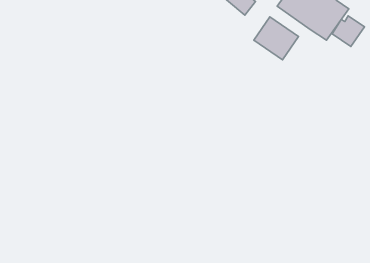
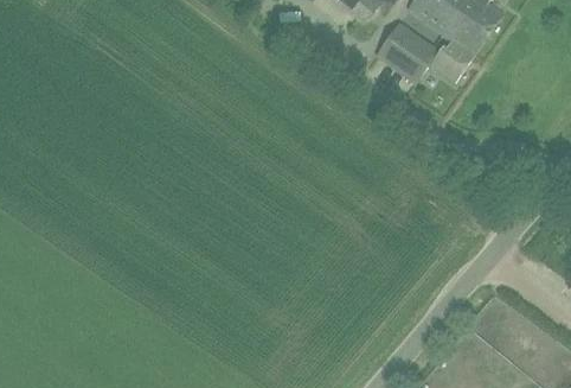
building: [332,16,364,46] -> [430,40,473,81]

